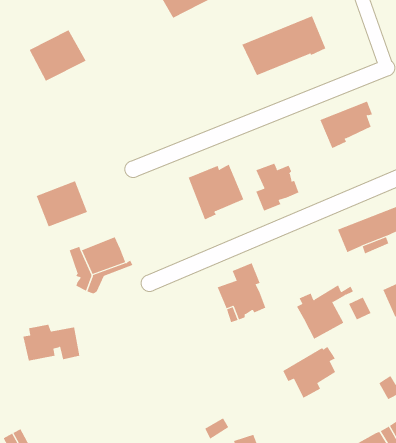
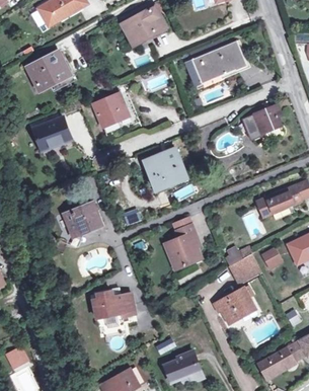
building: none -> [92,89,136,125]
building: [255,163,299,212] -> none
building: [36,181,88,227] -> [32,116,71,151]
building: [23,324,80,361] -> [92,290,135,317]

